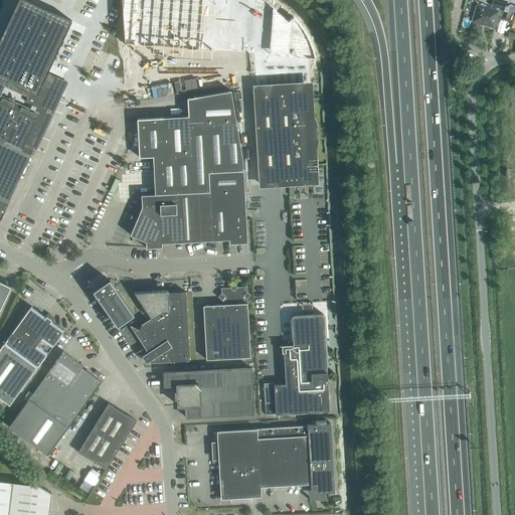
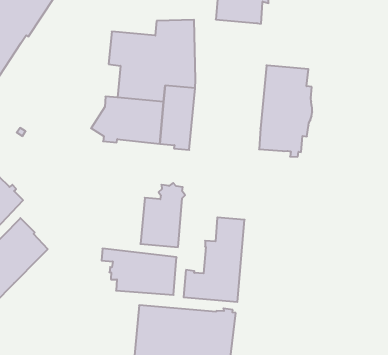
building: [254,83,316,188] -> [259,65,312,157]
building: [93,280,134,326] -> none
building: [130,290,189,363] -> none
building: [77,403,136,469] -> none

